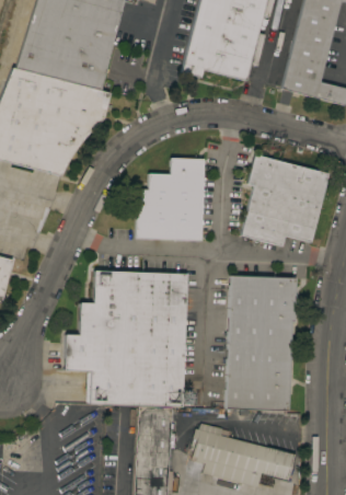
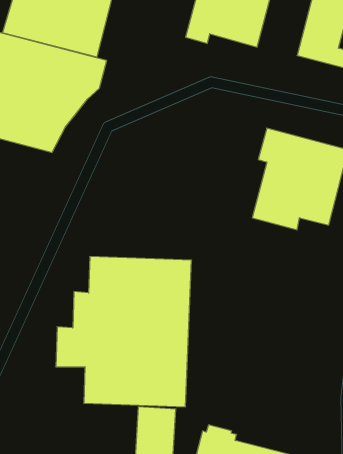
building: [136,158,204,241] -> none
building: [226,276,296,411] -> none

